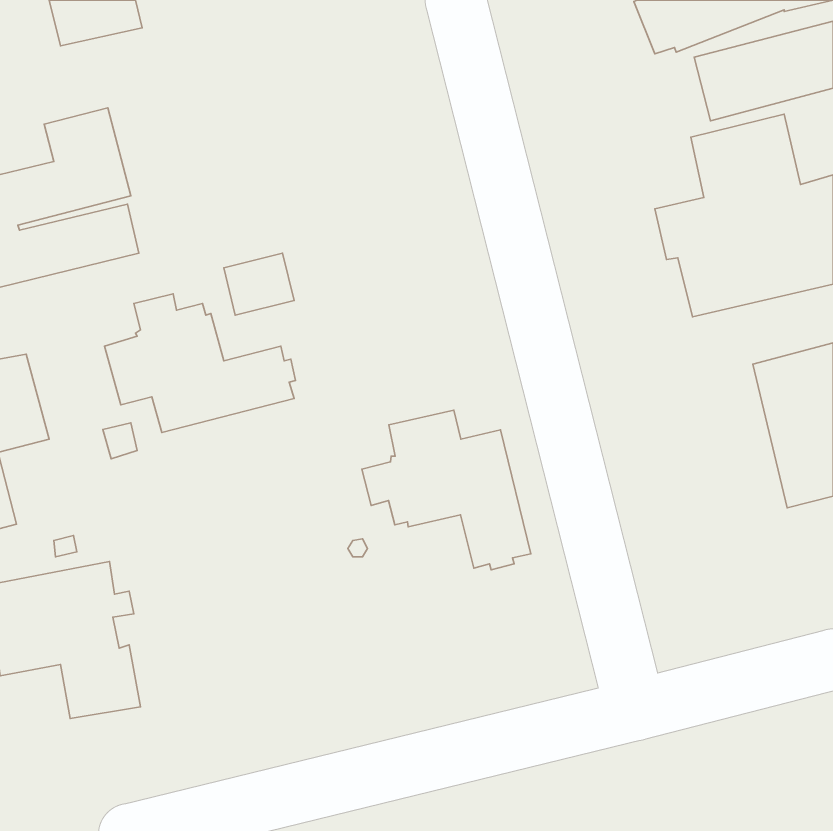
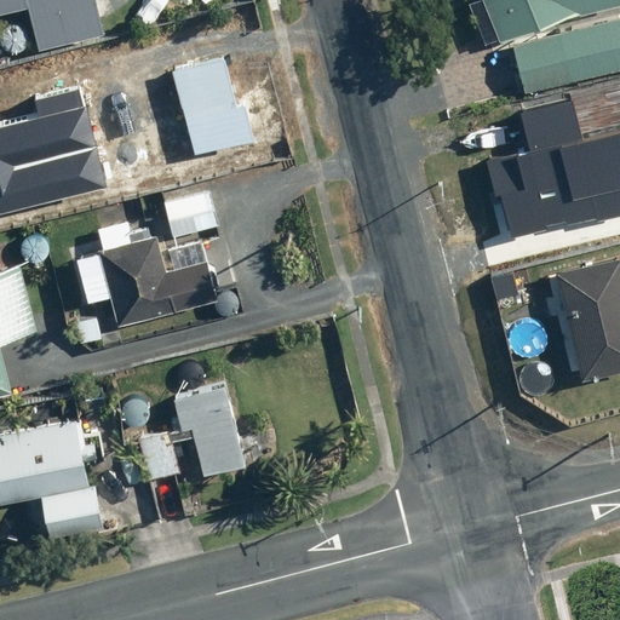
building: none -> [168,61,252,162]
building: [362,410,531,570] -> none
building: none -> [140,385,245,478]

